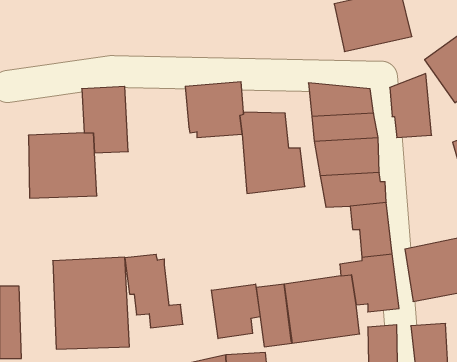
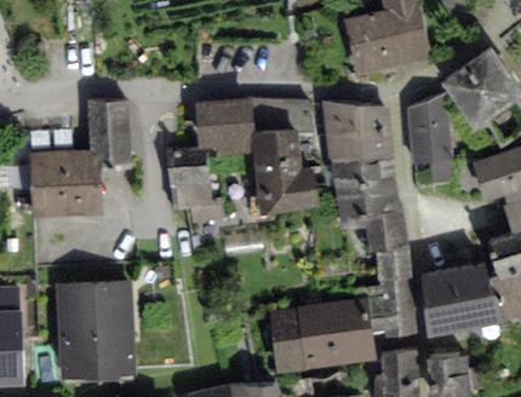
building: none -> [252,99,313,132]
building: [125,254,183,328] -> [165,146,225,223]
building: [211,284,260,339] -> none

